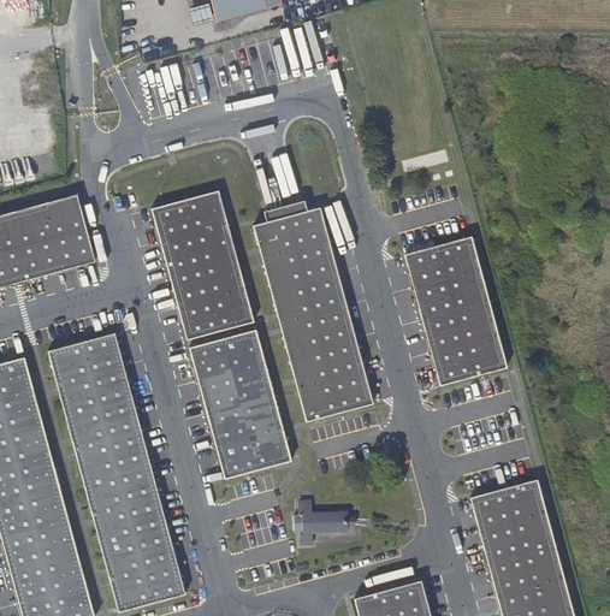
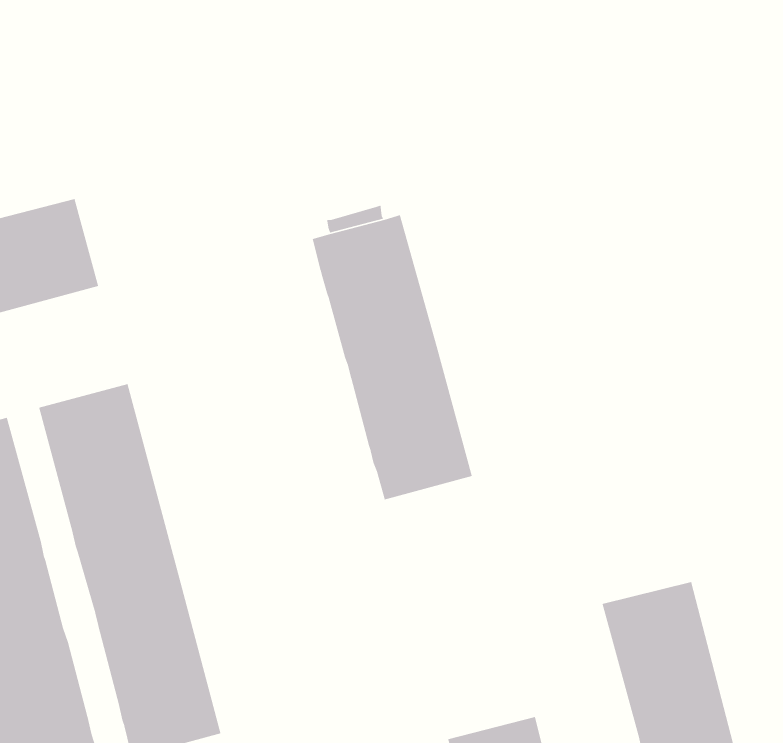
building: [152,189,253,338] -> none
building: [404,236,505,385] -> none
building: [189,330,290,479] -> none
building: [294,499,355,545] -> none

